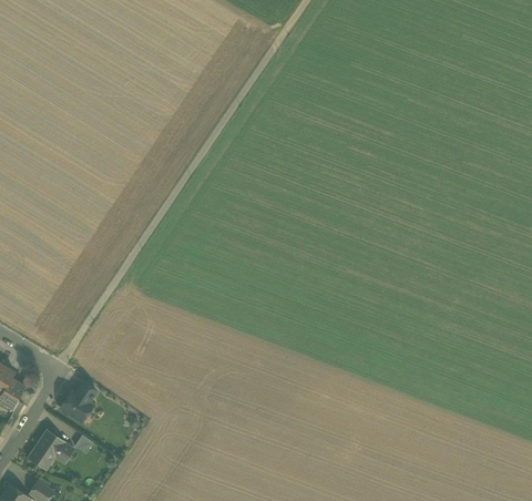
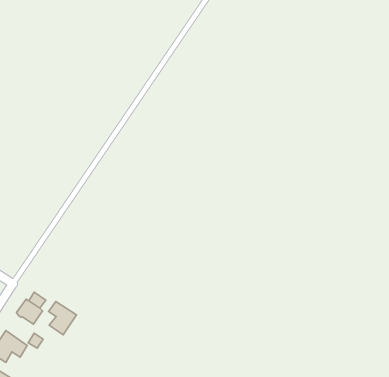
building: none -> [49,302,76,335]

